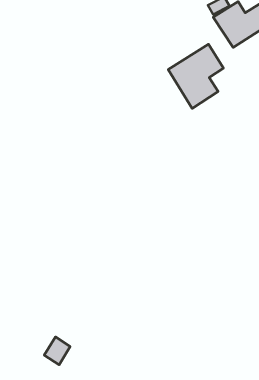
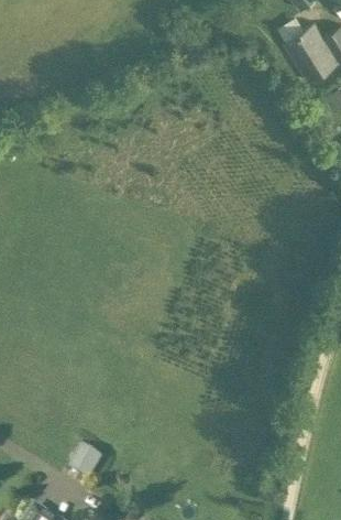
building: [168,44,224,108] -> none

